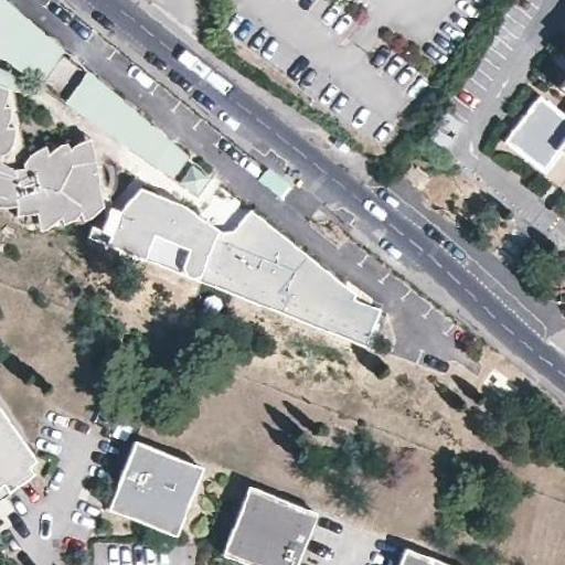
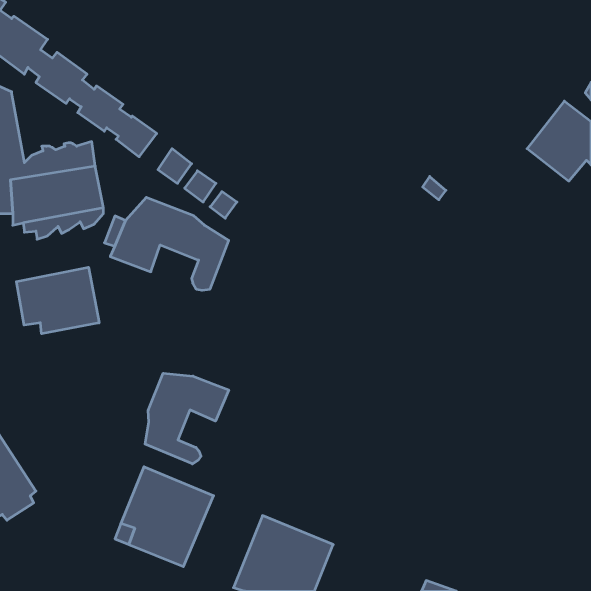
building: [199,209,379,345] -> none
building: [143,233,189,271] -> none
building: none -> [16,267,99,334]
building: none -> [145,373,229,464]

